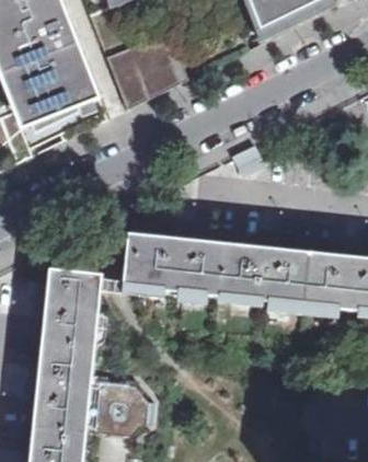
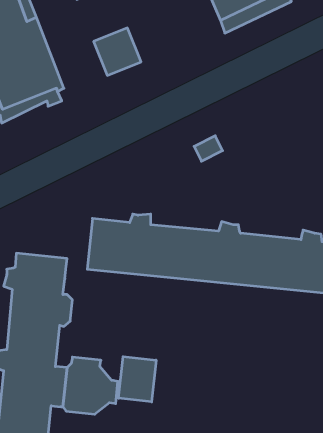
building: [106,51,182,112] -> none
building: none -> [119,357,156,402]

